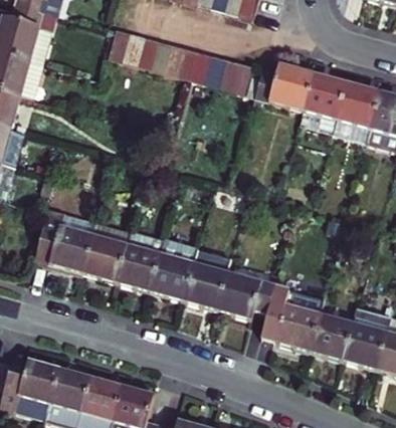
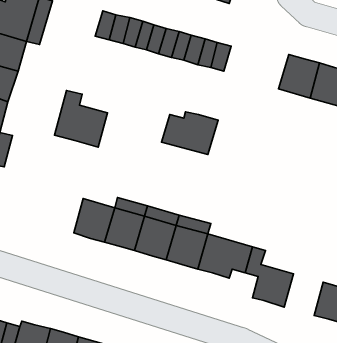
building: [253,65,315,112] -> [161,112,218,154]
building: [35,206,92,267] -> [54,90,107,147]
building: [310,311,352,357] -> none

